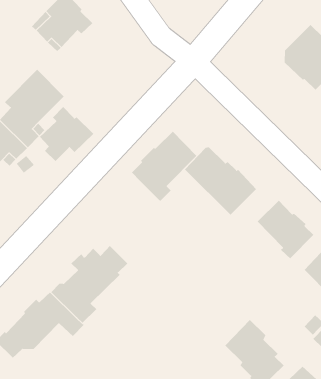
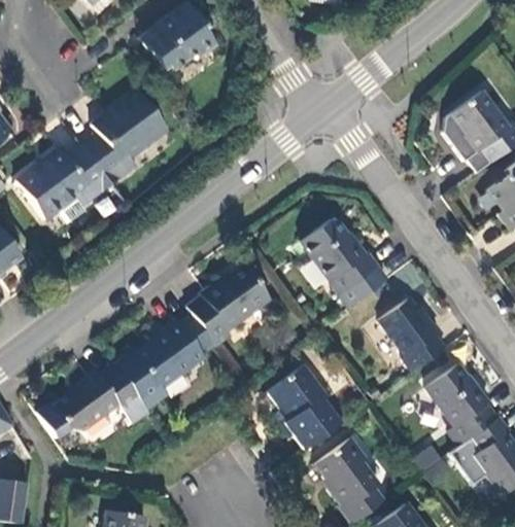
building: [39,106,94,162] -> none
building: [131,131,197,202] -> [186,264,270,347]
building: none -> [267,362,341,449]

